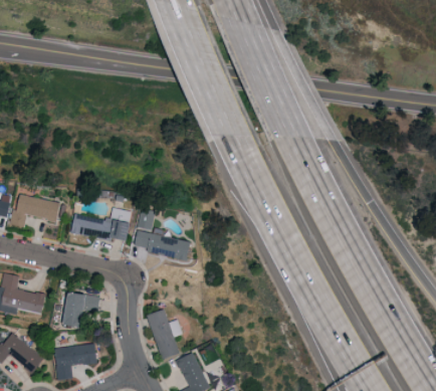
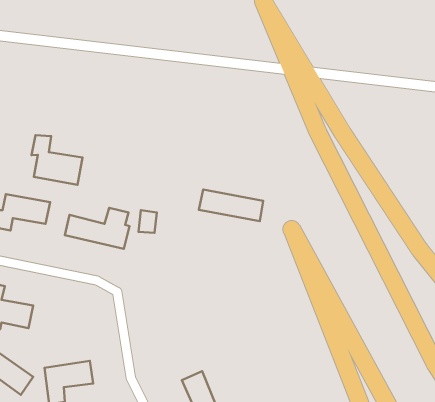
building: none -> [32,135,83,185]
building: [134,231,191,259] -> [199,189,263,221]
building: [67,294,99,327] -> none
building: [149,311,182,360] -> none

